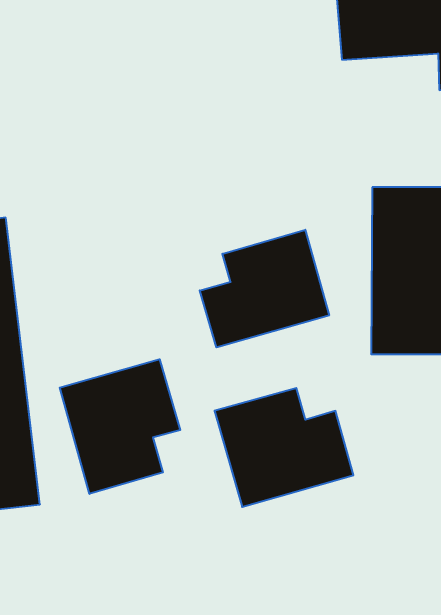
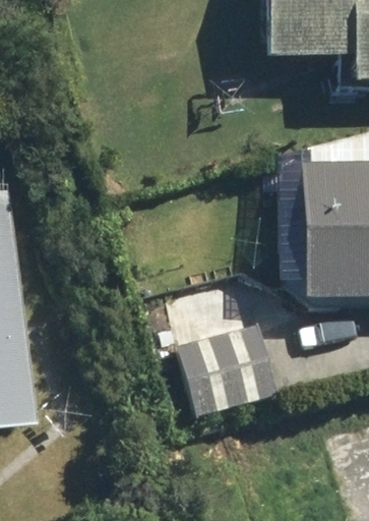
building: [200,230,329,347] -> none
building: [60,359,180,494] -> none

